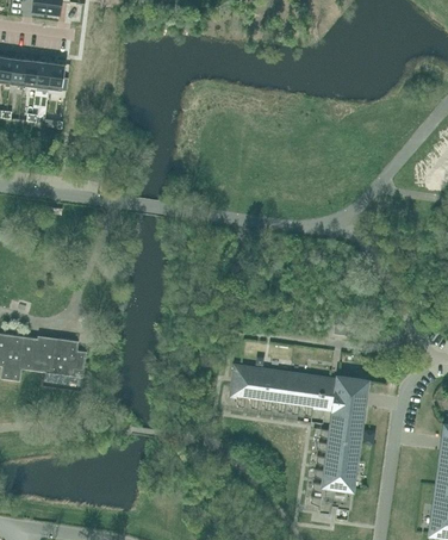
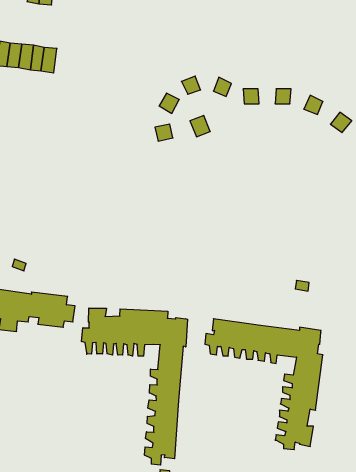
building: none -> [82,308,188,465]

